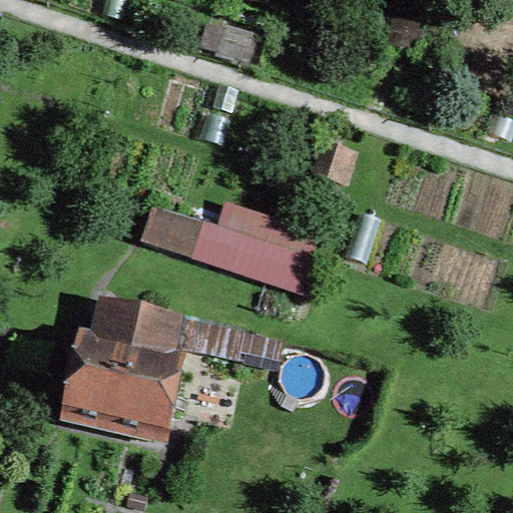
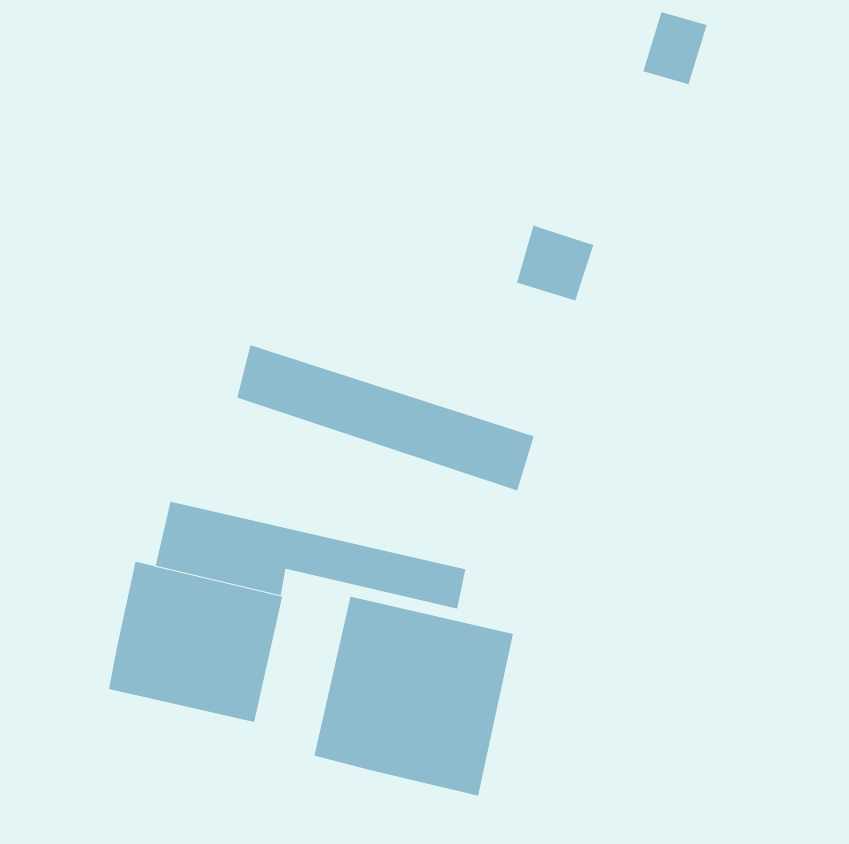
building: none -> [314,596,514,796]

